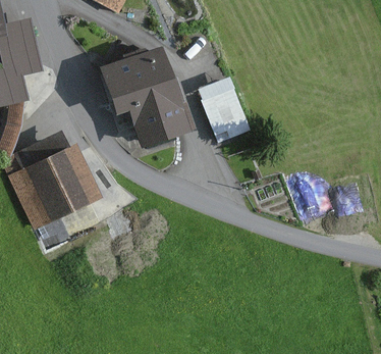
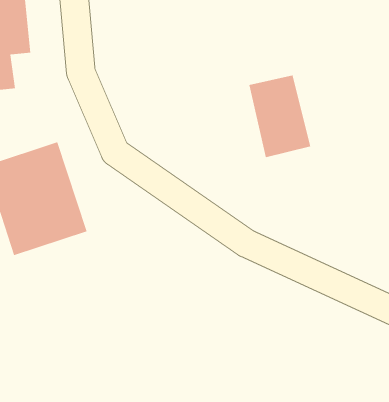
building: [96,50,184,144] -> none

